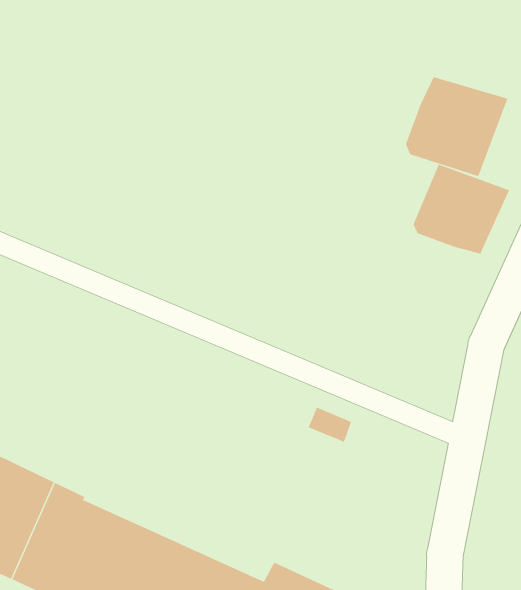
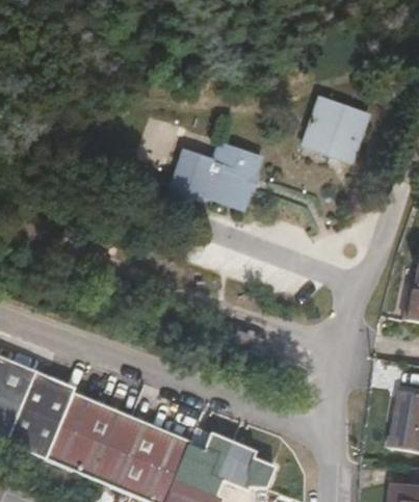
building: none -> [165,143,256,210]
building: [413,164,510,254] -> none

